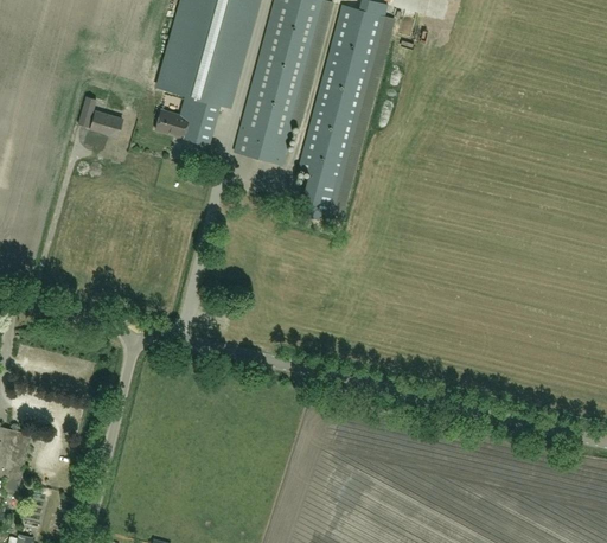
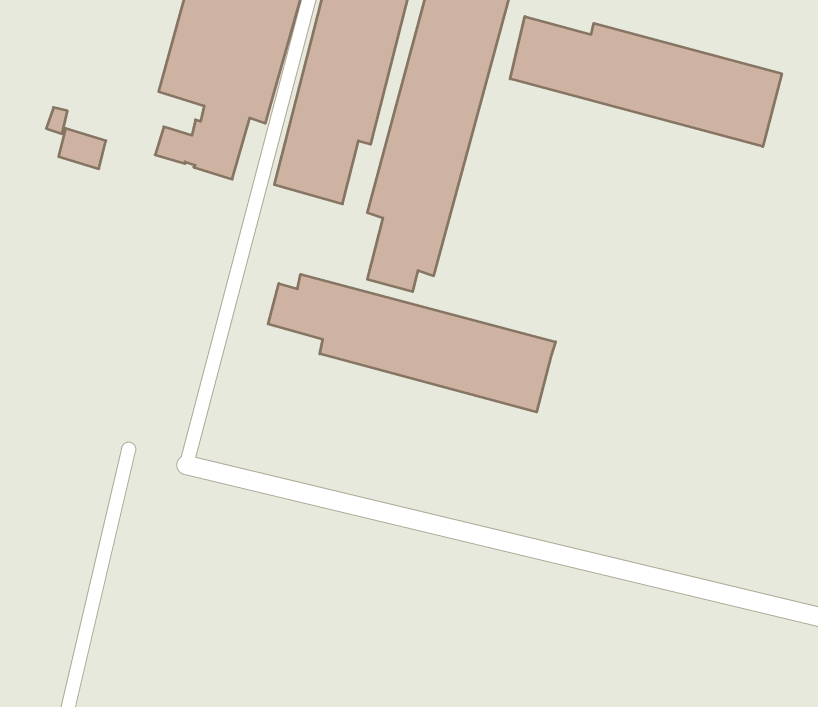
building: none -> [510,16,782,147]
building: none -> [268,274,556,412]

